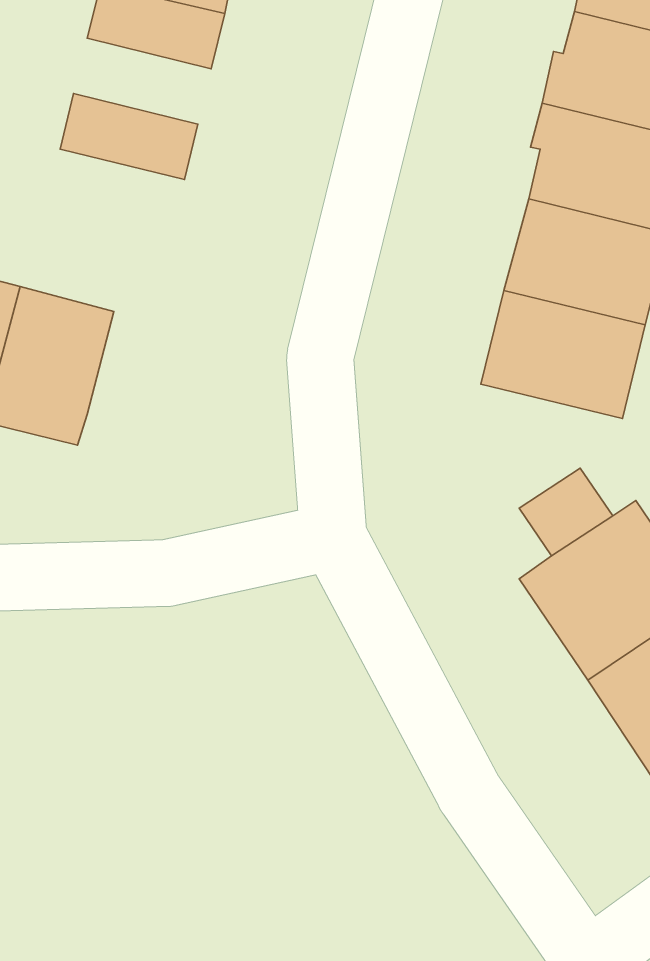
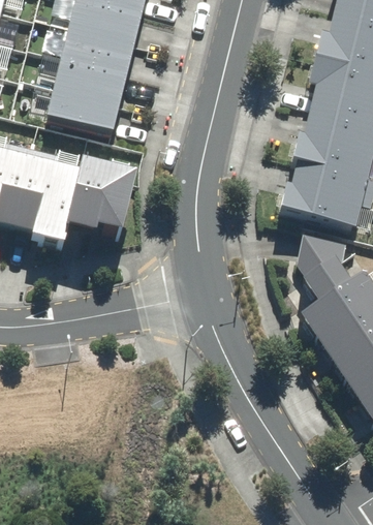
building: none -> [61,21,135,67]
building: none -> [46,81,121,126]
building: none -> [68,159,136,238]

